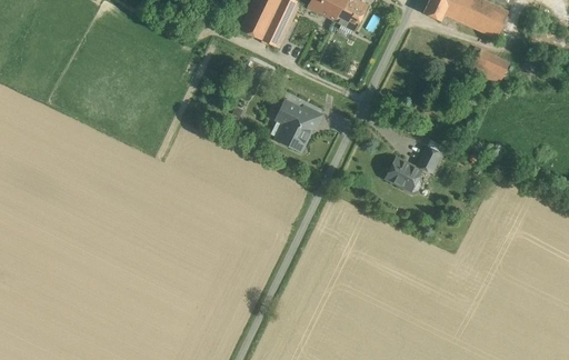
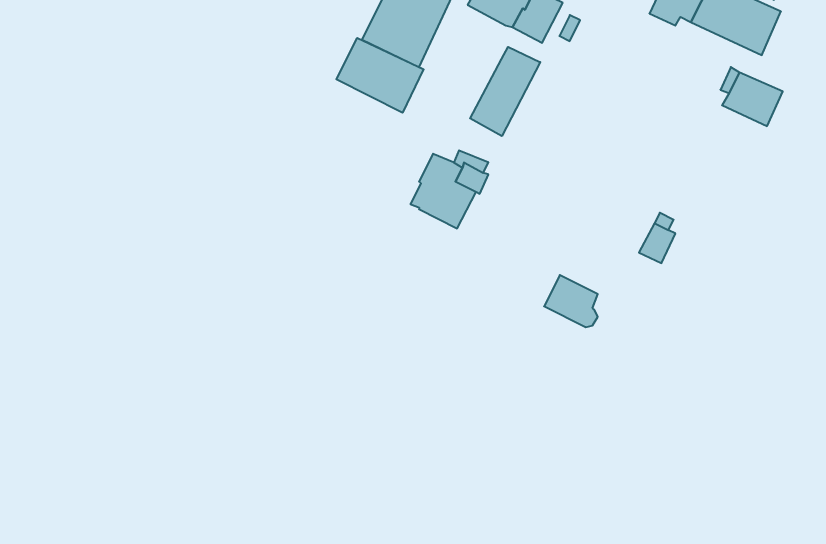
building: none -> [336,38,424,113]
building: none -> [470,47,540,136]
building: [386,158,420,191] -> [544,275,598,327]

